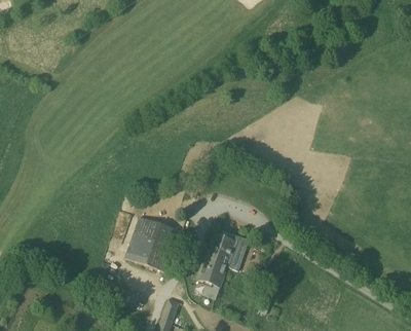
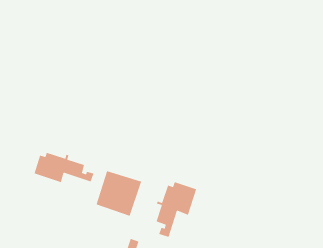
building: none -> [34,152,94,183]

